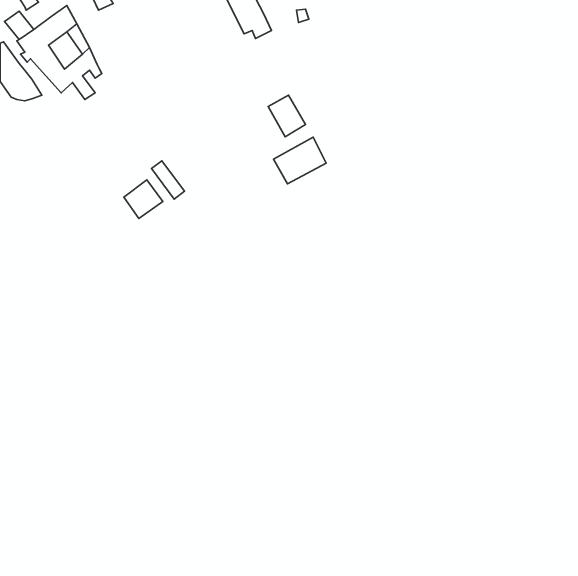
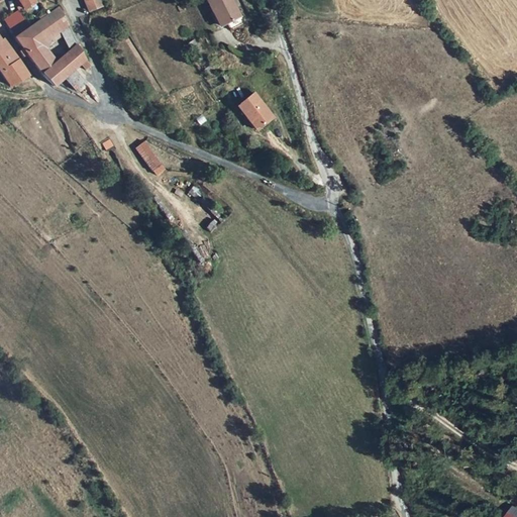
building: [274,137,326,184] -> none
building: [124,180,163,218] -> none

